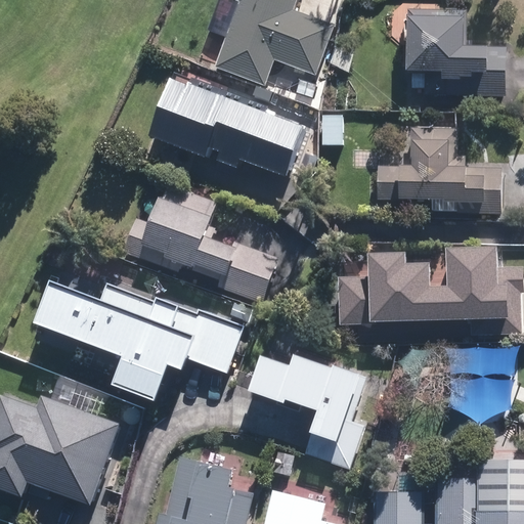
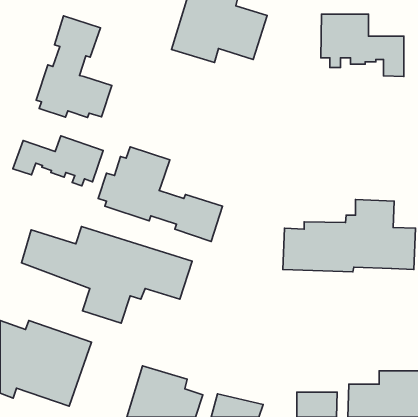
building: none -> [36,16,112,118]
building: [152,77,308,173] -> none
building: [377,125,500,212] -> none
building: none -> [13,136,103,186]
building: [246,355,367,467] -> none

